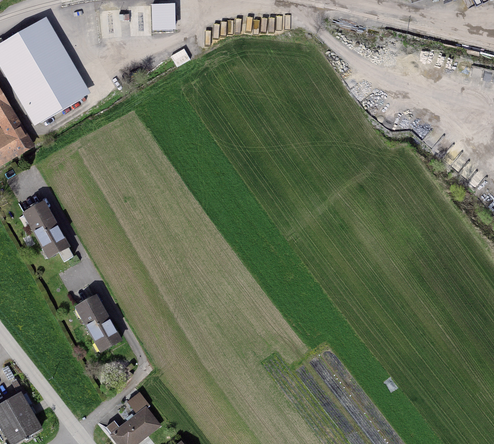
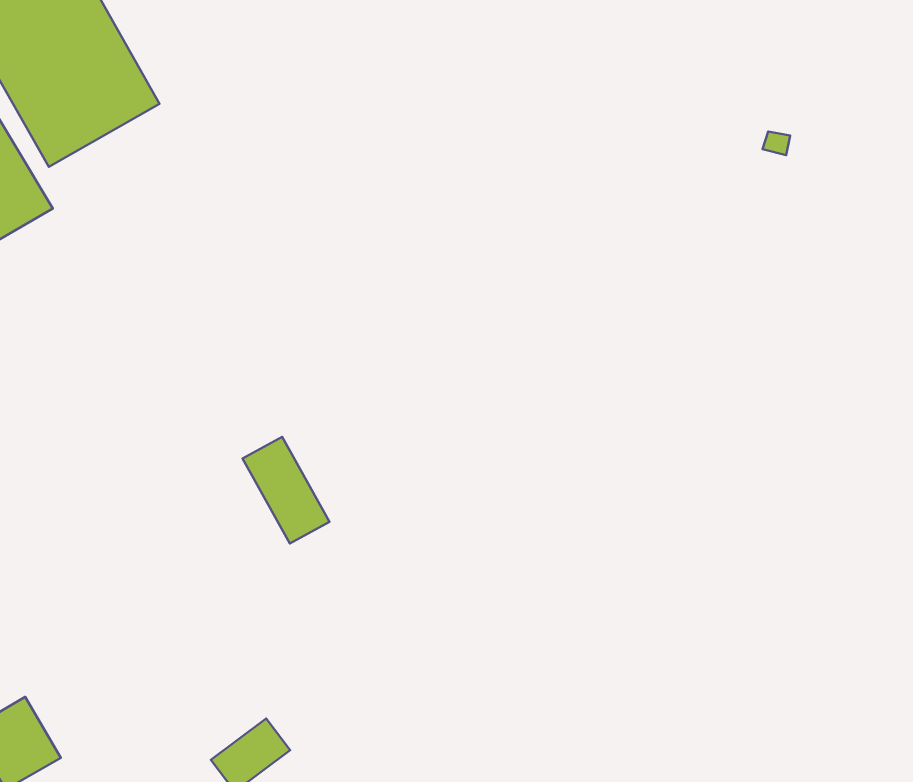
building: [23,201,67,256] -> none
building: [79,297,123,351] -> [243,437,329,543]

